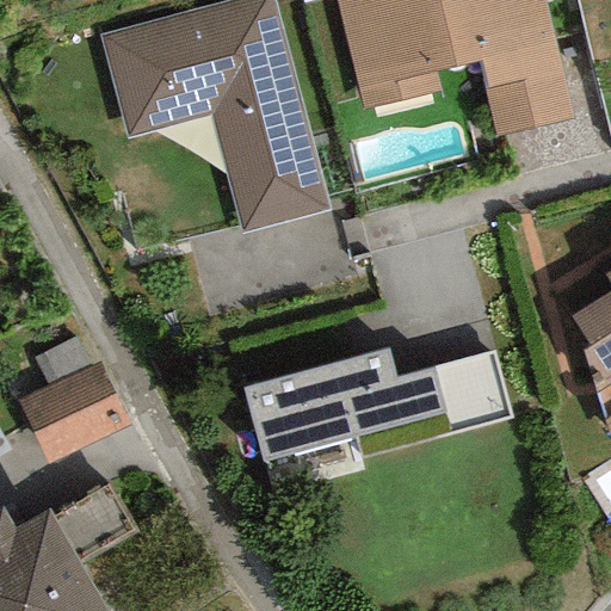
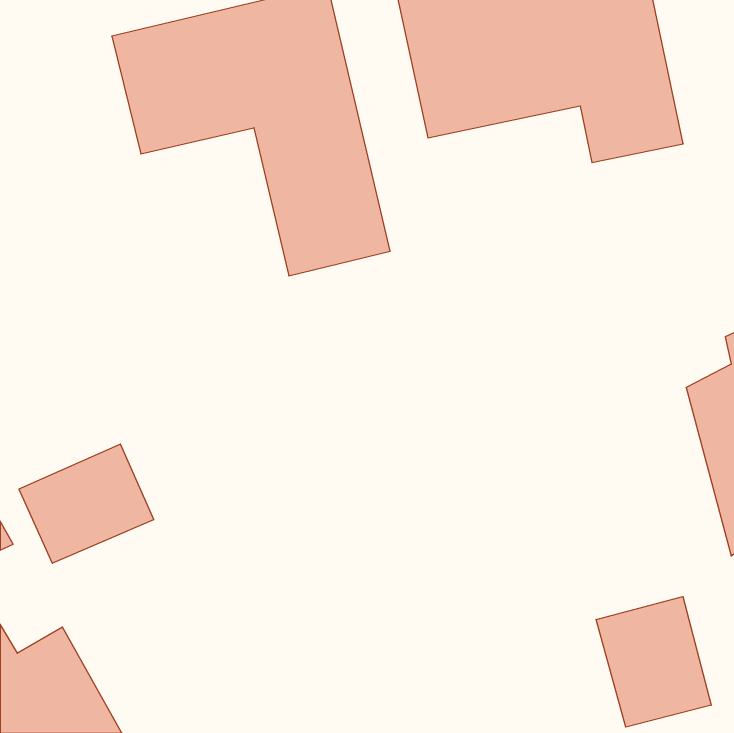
building: [246,340,525,494] -> none
building: none -> [596,597,711,727]

